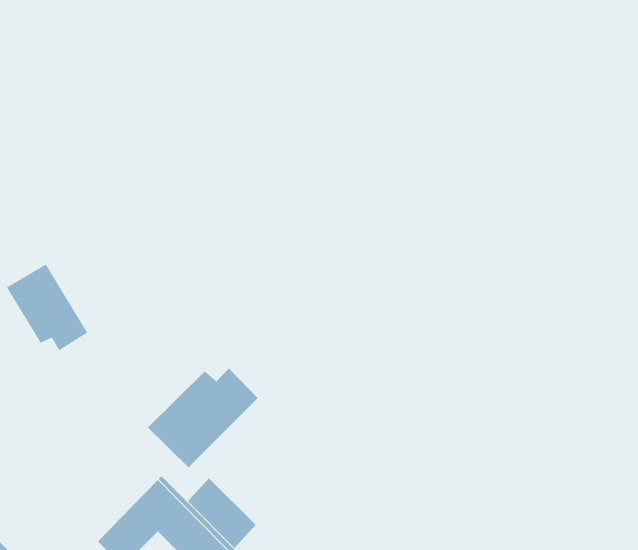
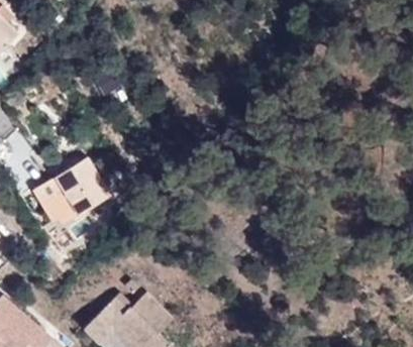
building: none -> [55,156,109,214]
building: [147,367,259,468] -> none

